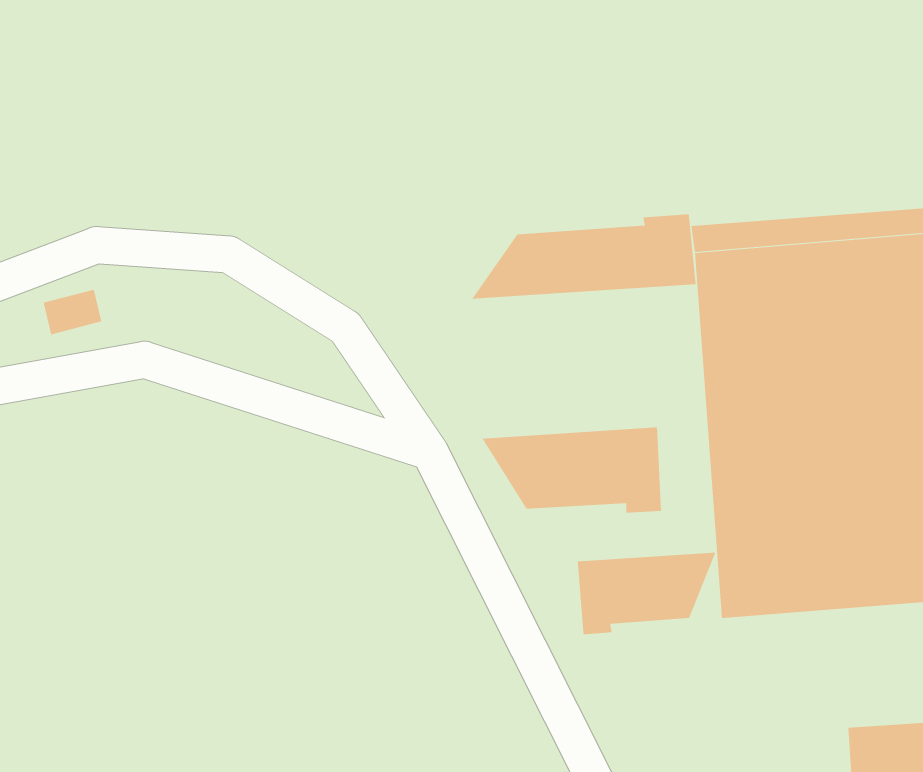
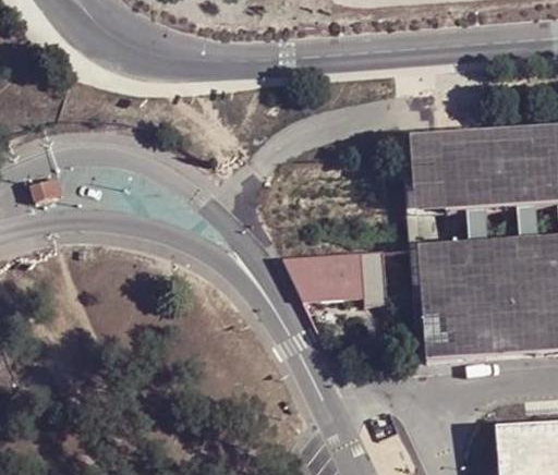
building: [471,213,696,299] -> none
building: [577,552,716,635] -> none

